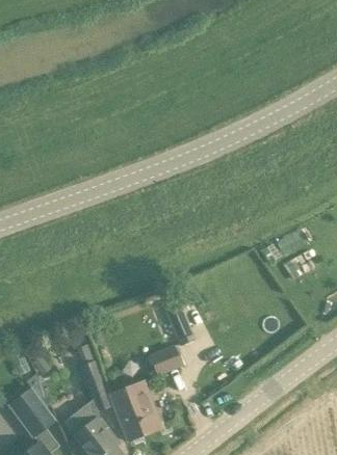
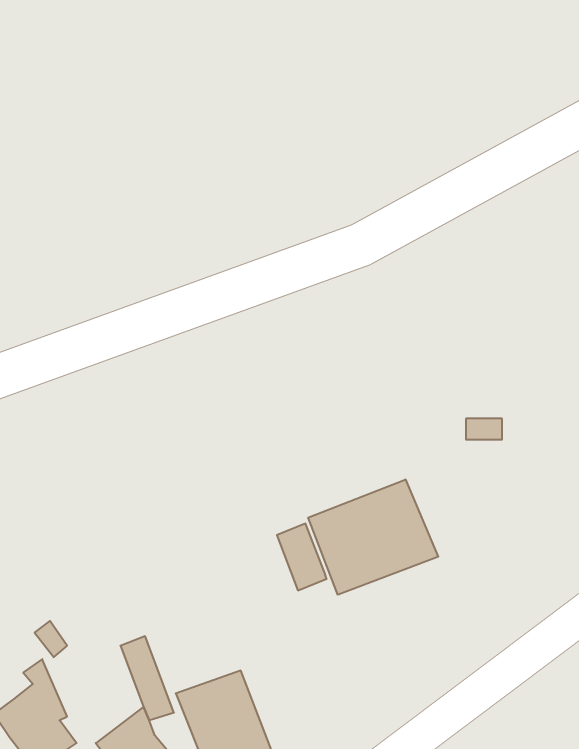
building: none -> [308,479,438,595]
building: [149,345,182,377] -> none

